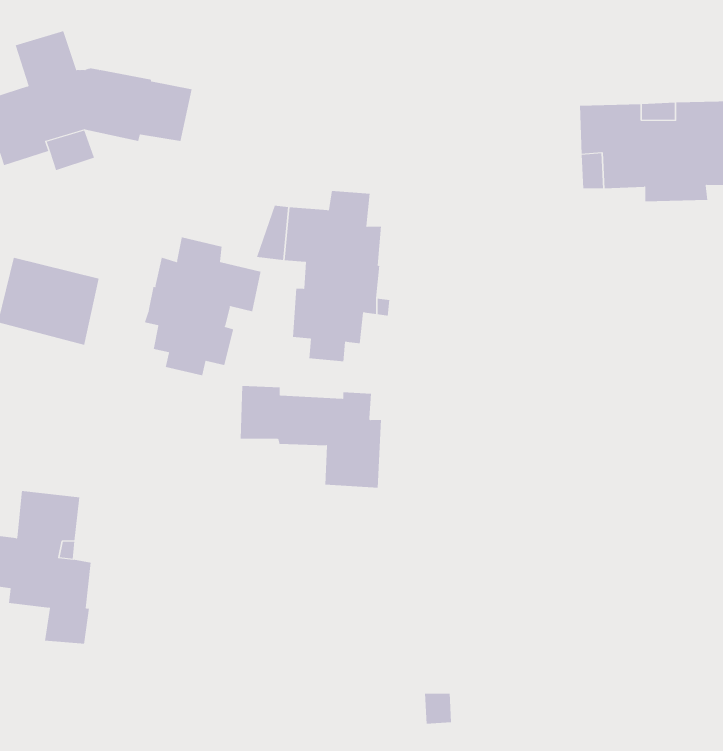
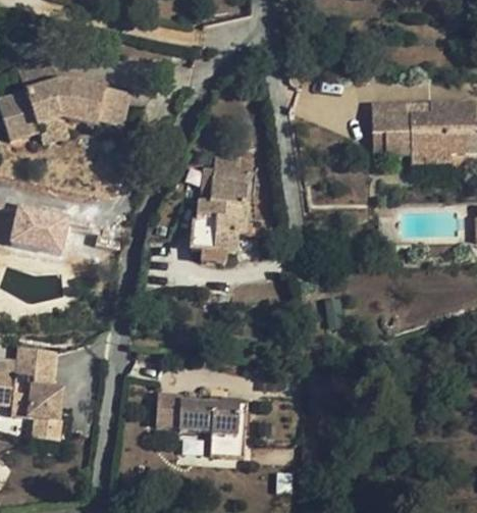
building: [144,237,261,376] -> none
building: [240,385,382,488] -> [156,392,245,456]

